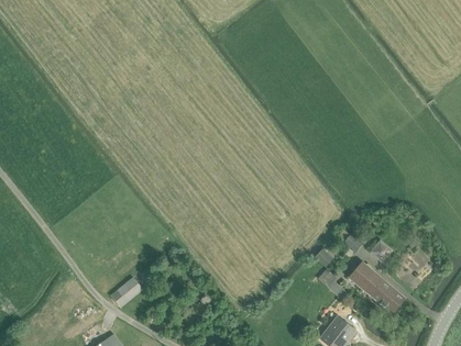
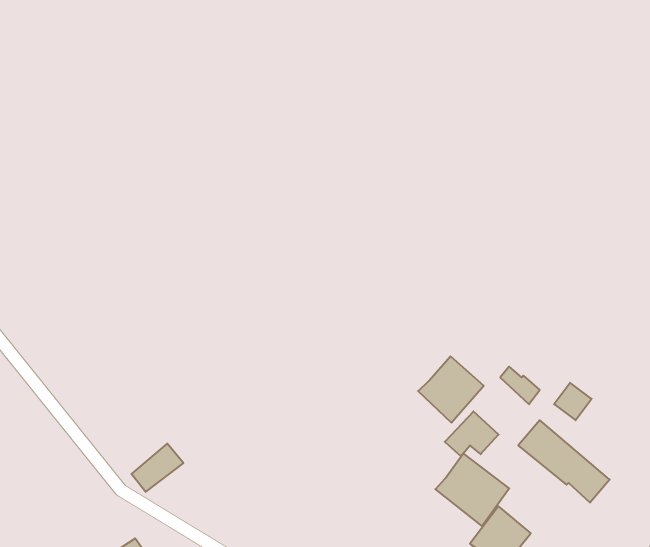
building: none -> [418,356,484,423]
building: none -> [435,453,509,526]

